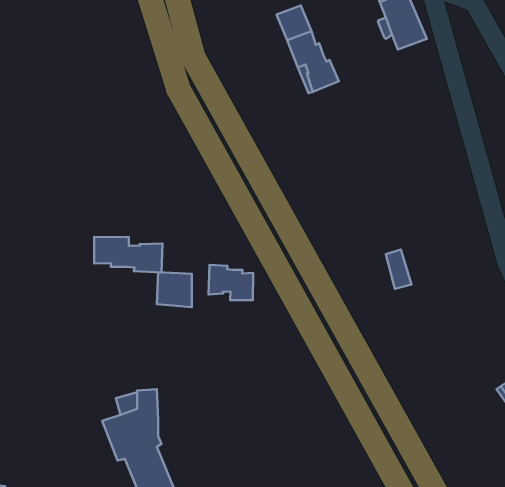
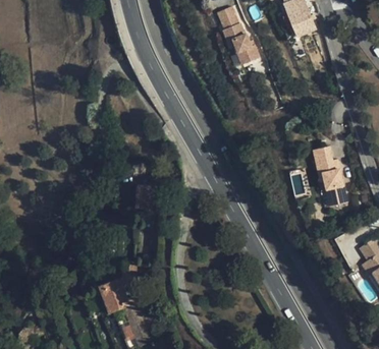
building: none -> [313,146,345,206]
building: [94,237,162,272] -> none
building: [208,265,253,300] -> none

